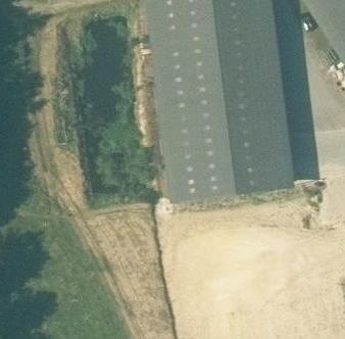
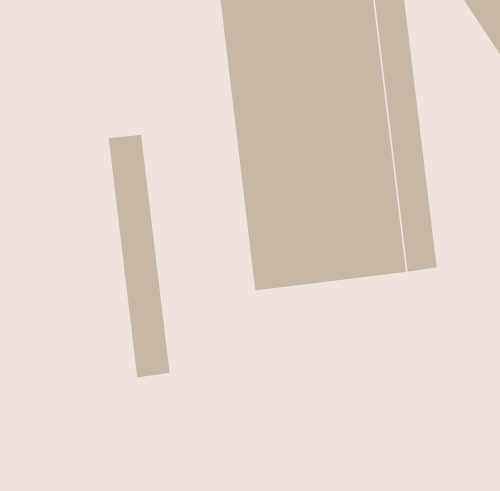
building: none -> [108,134,170,378]

